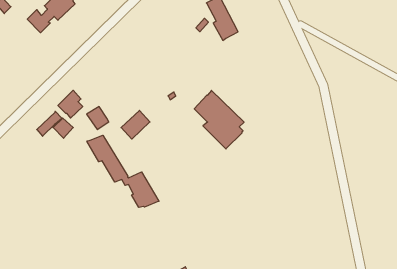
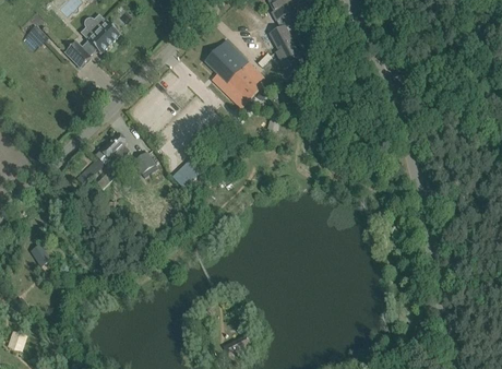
building: [194,90,244,149] -> [205,39,262,106]
building: [87,135,159,207] -> none

